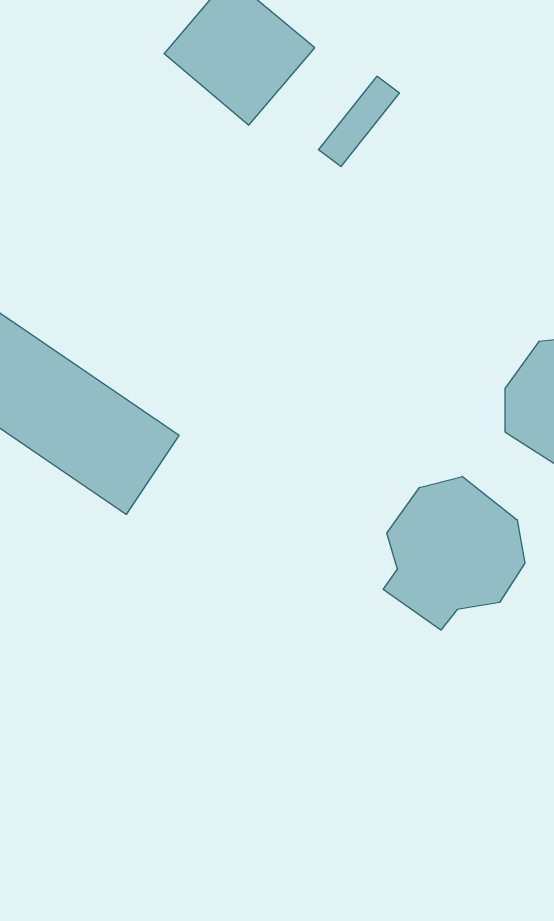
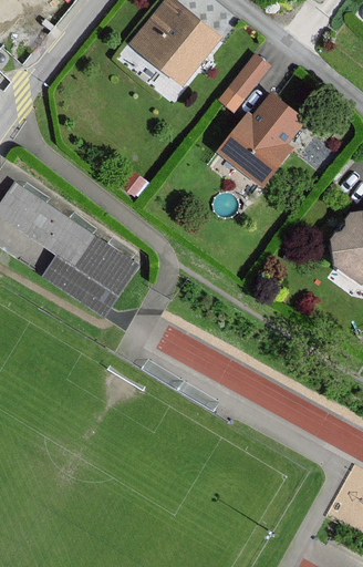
building: none -> [219,94,302,184]
building: [383,476,525,630] -> none

